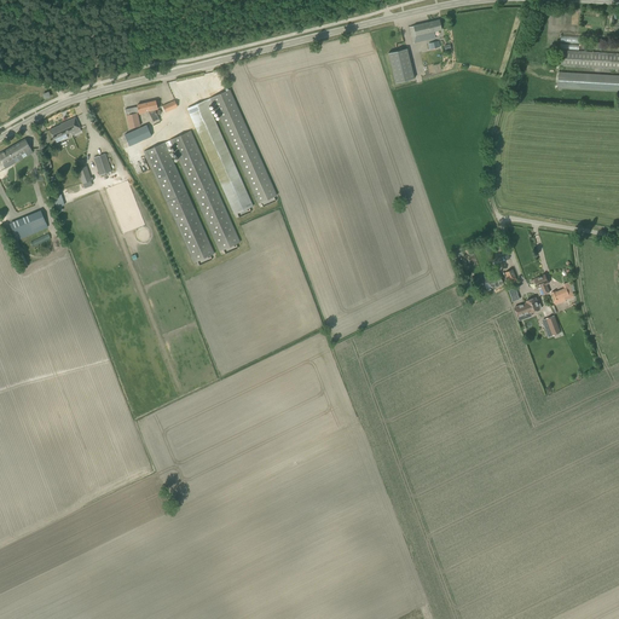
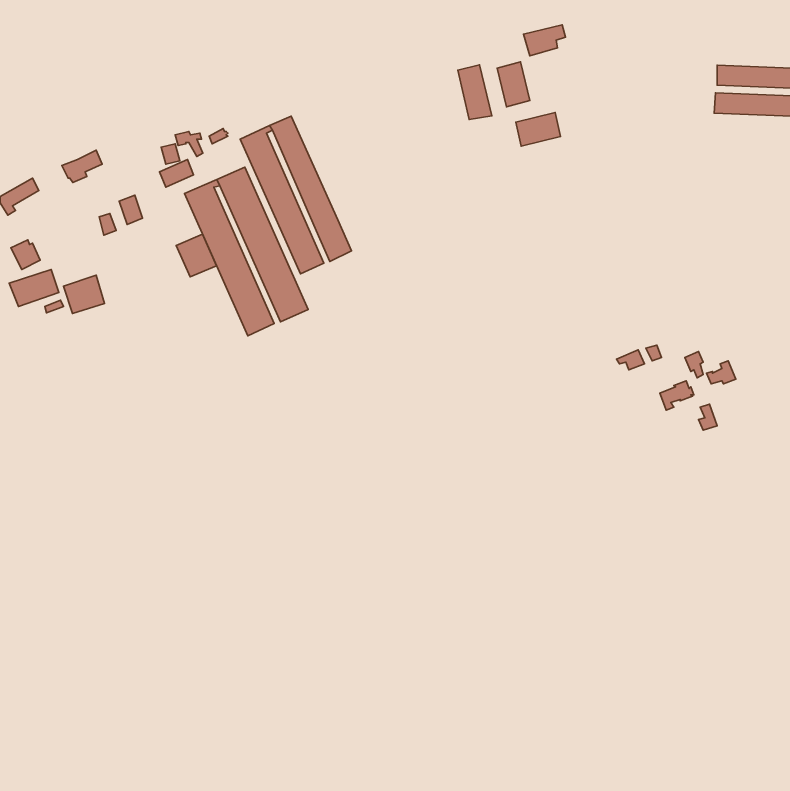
building: none -> [458,65,492,119]
building: none -> [516,113,560,146]
building: none -> [176,234,217,277]
building: none -> [63,275,104,313]

